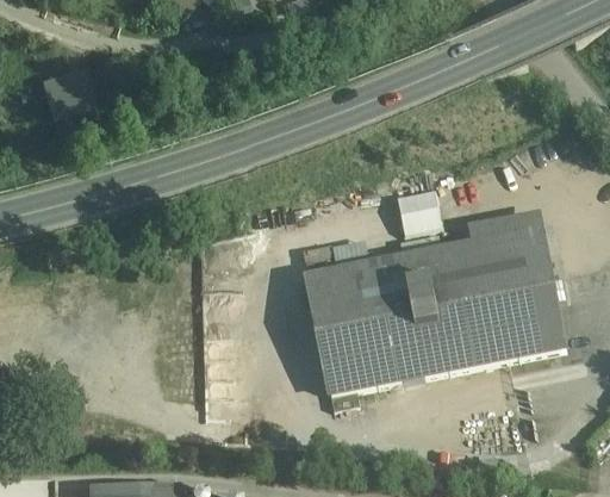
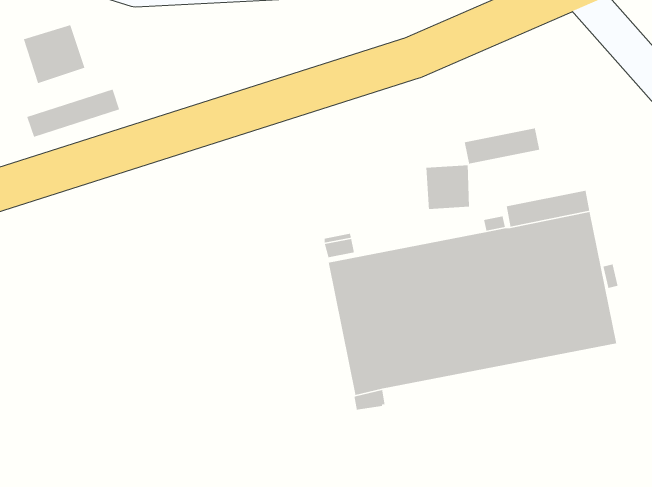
building: none -> [26,89,120,138]
building: none -> [464,127,540,165]

